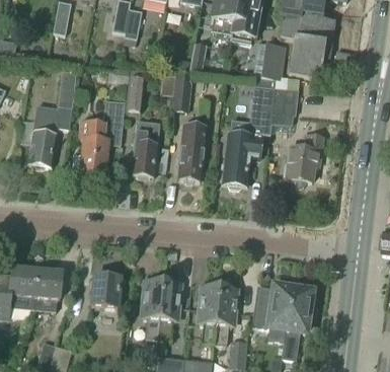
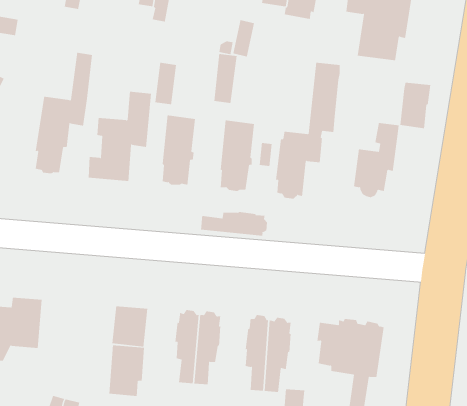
building: [254,42,287,78] -> none
building: [271,86,297,124] -> [400,82,431,129]
building: none -> [200,211,267,236]
building: [32,269,62,310] -> [108,345,145,396]

